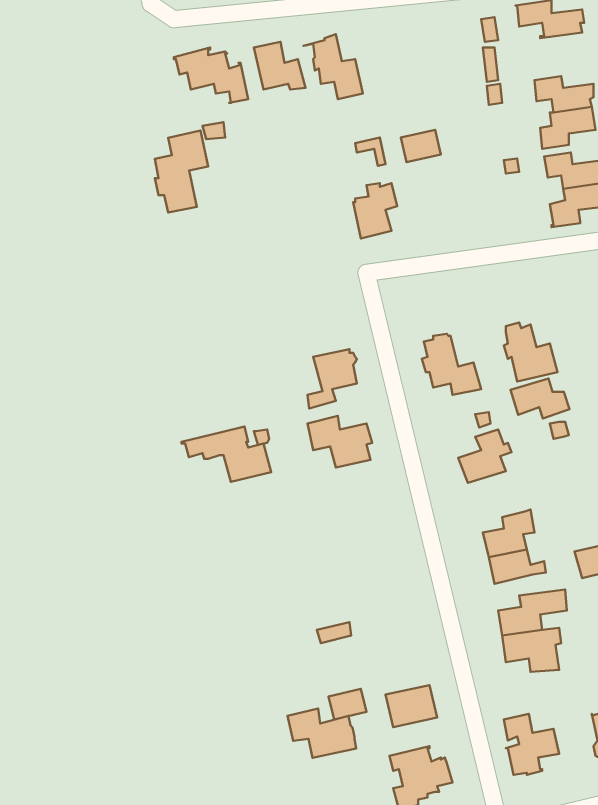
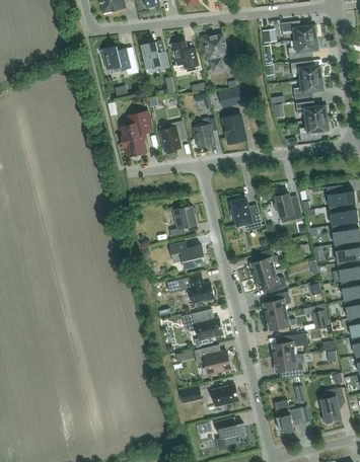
building: none -> [202,34,226,66]
building: none -> [288,37,318,59]
building: [155,130,208,212] -> [122,111,150,155]
building: none -> [223,114,244,143]
building: none -> [159,122,186,151]
building: [510,378,570,419] -> [255,271,286,292]
building: [181,426,271,482] -> [166,274,214,303]
building: none -> [183,310,222,345]
building: [288,708,356,758] -> [194,346,230,373]

